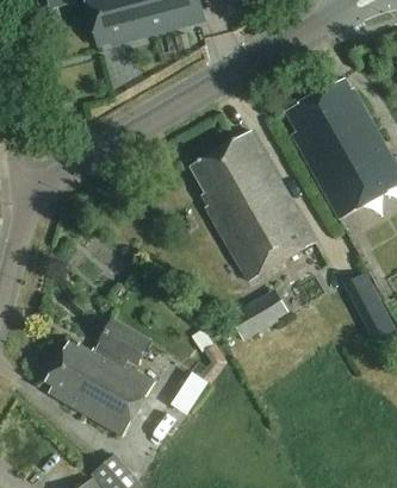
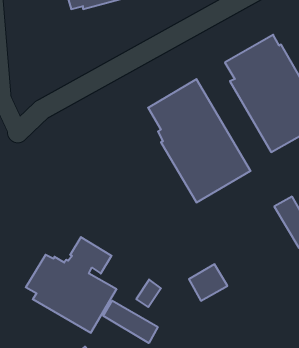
building: [229,296,275,340] -> [189,264,227,301]
building: none -> [103,301,158,343]

